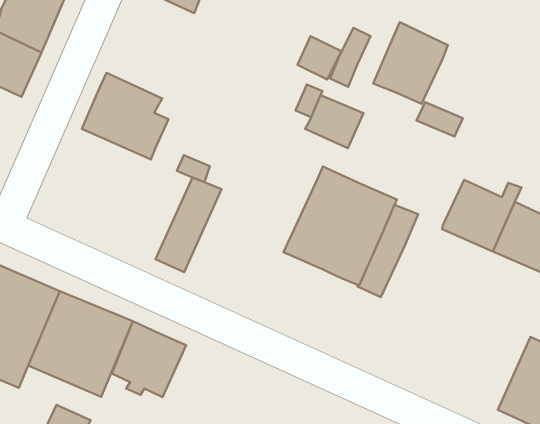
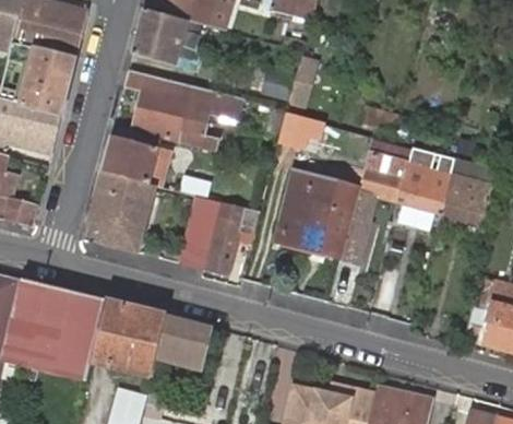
building: none -> [124,70,244,150]
building: [373,22,448,104] -> [357,139,410,200]
building: none -> [88,170,156,252]
building: none -> [206,202,260,275]

